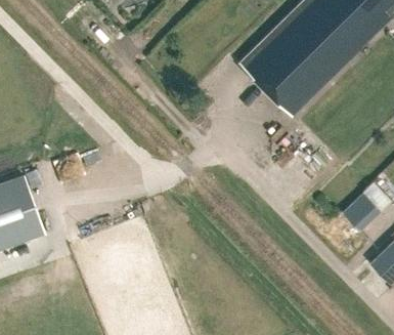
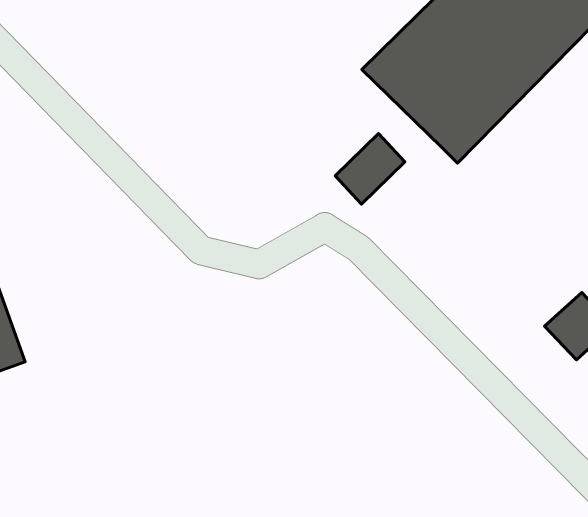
building: none -> [335,133,405,204]

